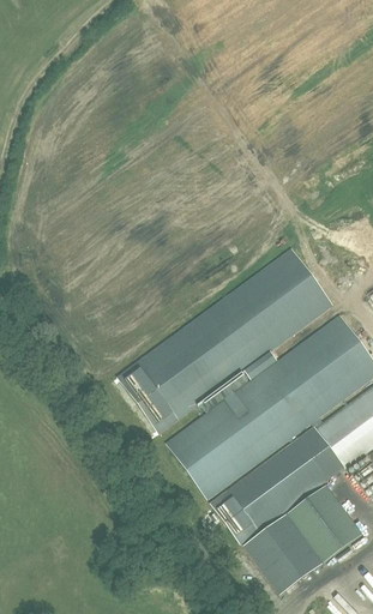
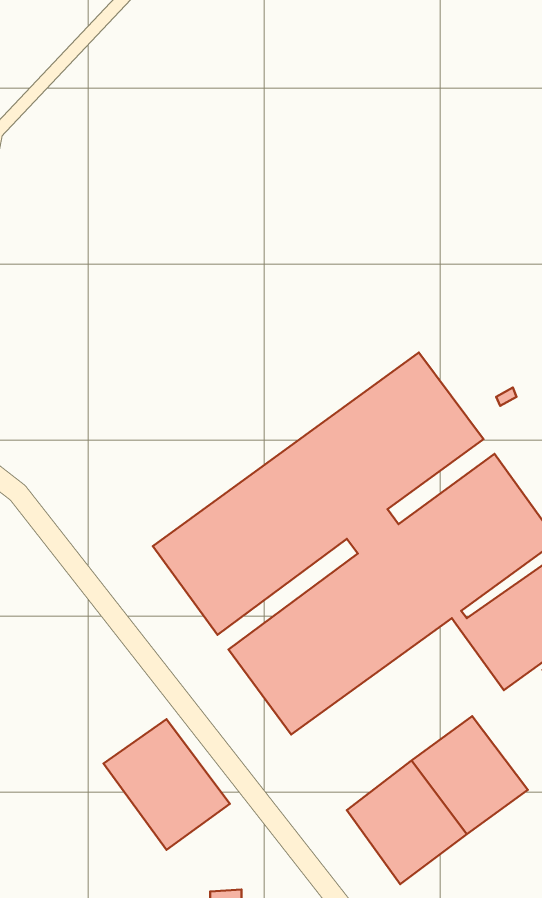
building: [210,425,345,543] -> none
building: none -> [103,719,230,850]

